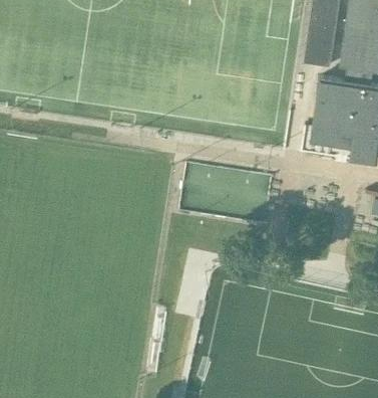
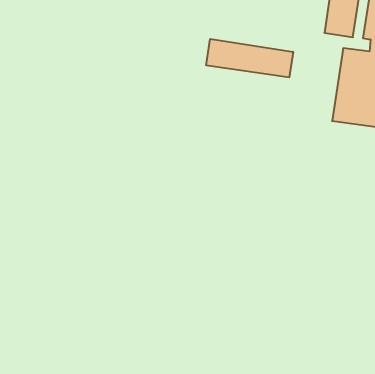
building: none -> [206,39,293,77]

